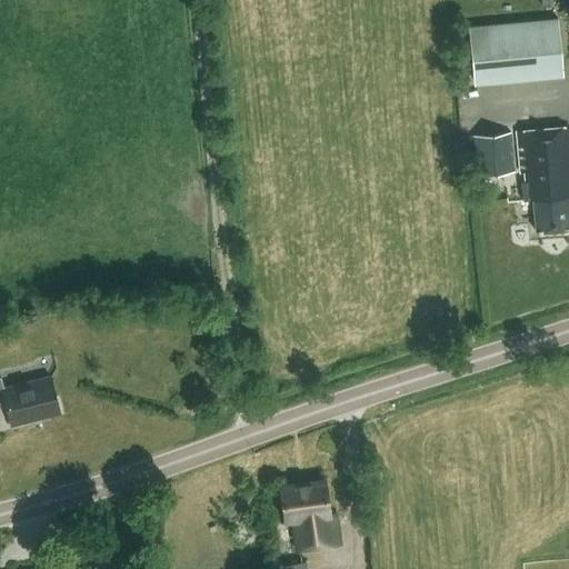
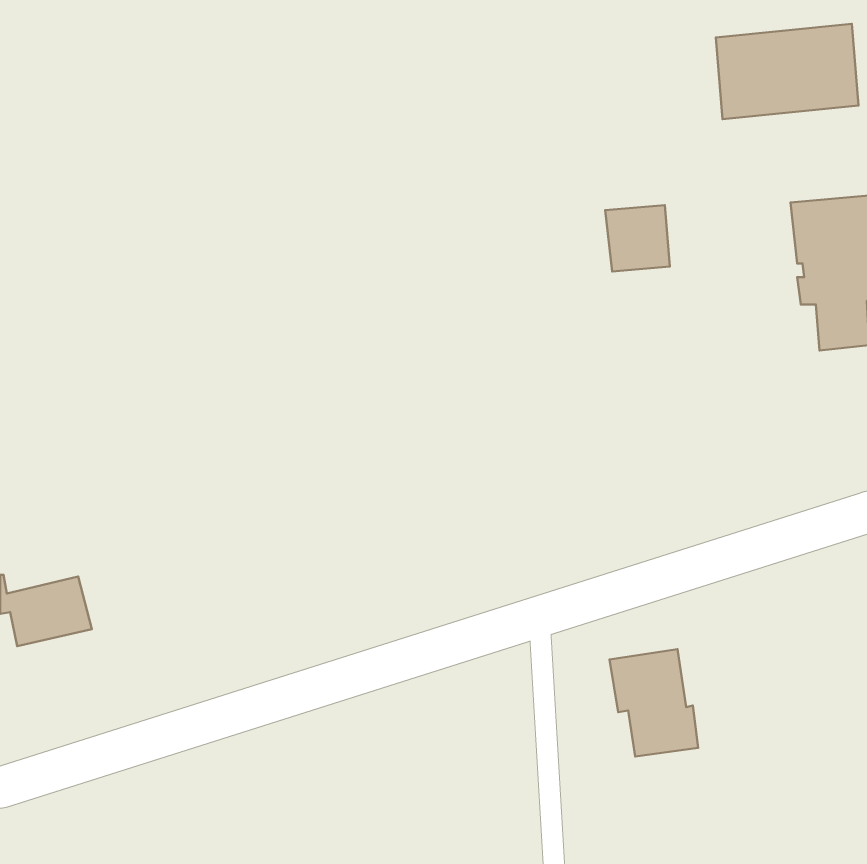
building: [475,134,517,178] -> [605,205,670,272]
building: [281,482,339,552] -> [610,649,698,756]

